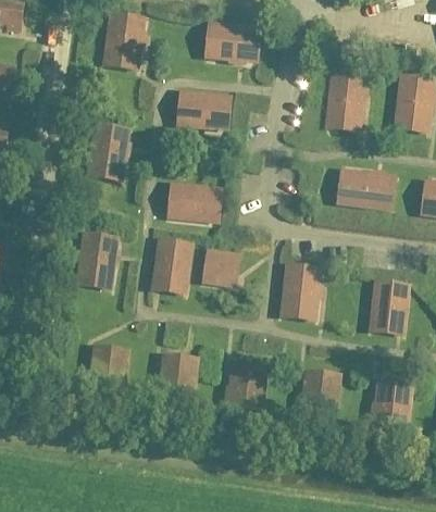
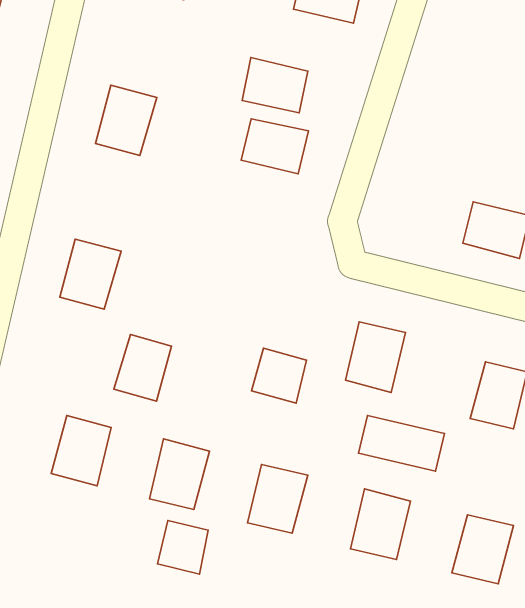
building: [328,73,362,116] -> none
building: [176,185,220,218] -> [241,119,308,174]
building: [153,239,189,283] -> [114,334,172,401]
building: [202,249,237,284] -> [252,348,306,403]
building: none -> [358,415,445,471]
building: none -> [158,521,208,574]

